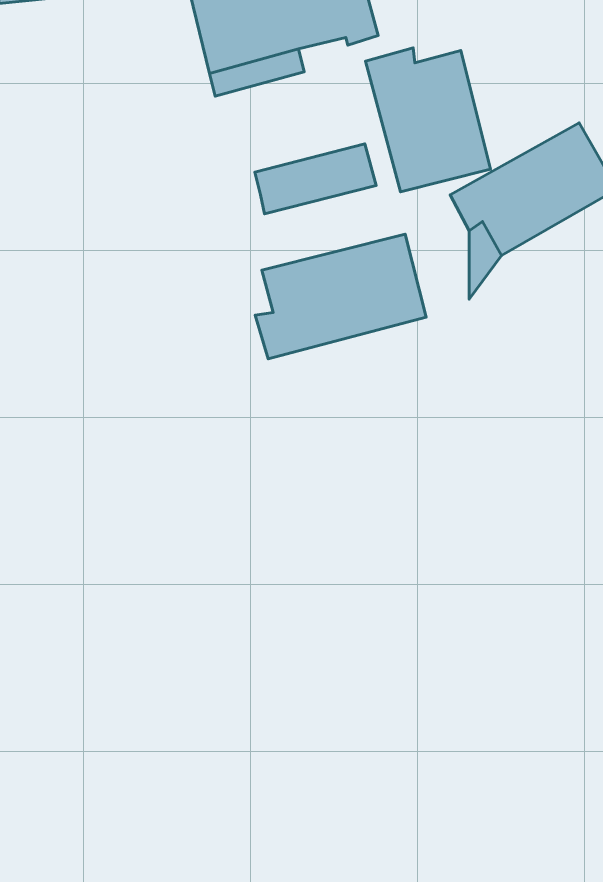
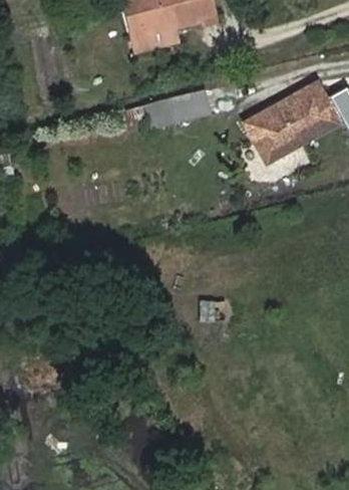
building: [365,48,491,192] -> none
building: [255,234,426,359] -> none

